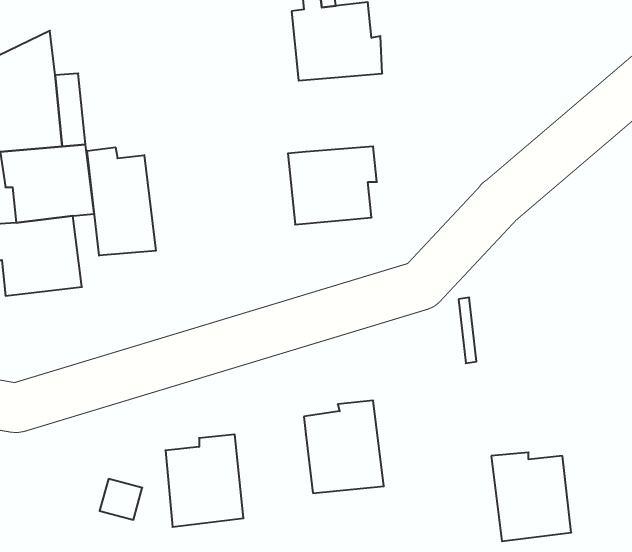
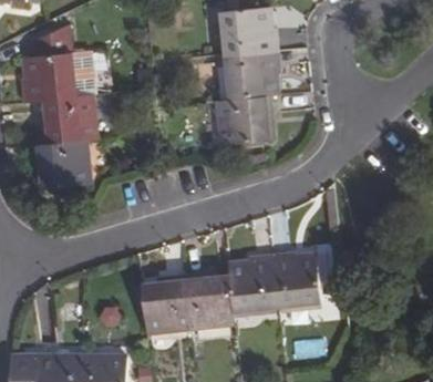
building: none -> [225,51,279,100]
building: [87,147,156,256] -> none
building: none -> [185,272,235,328]
building: [491,452,571,541] -> [271,252,321,308]

